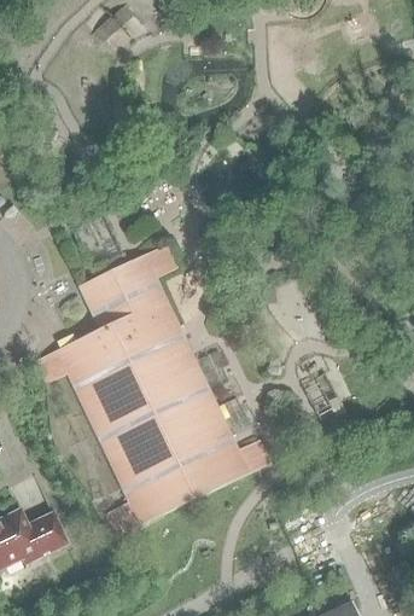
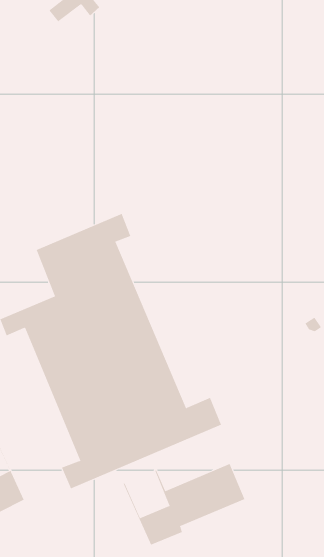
building: none -> [123,463,245,546]

